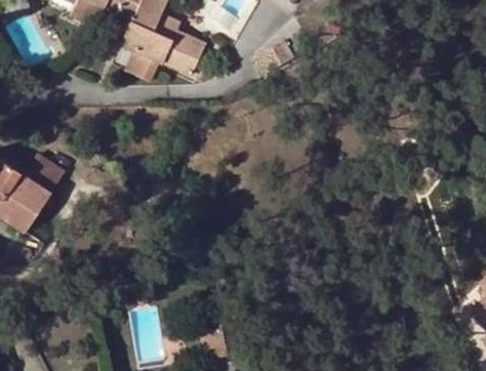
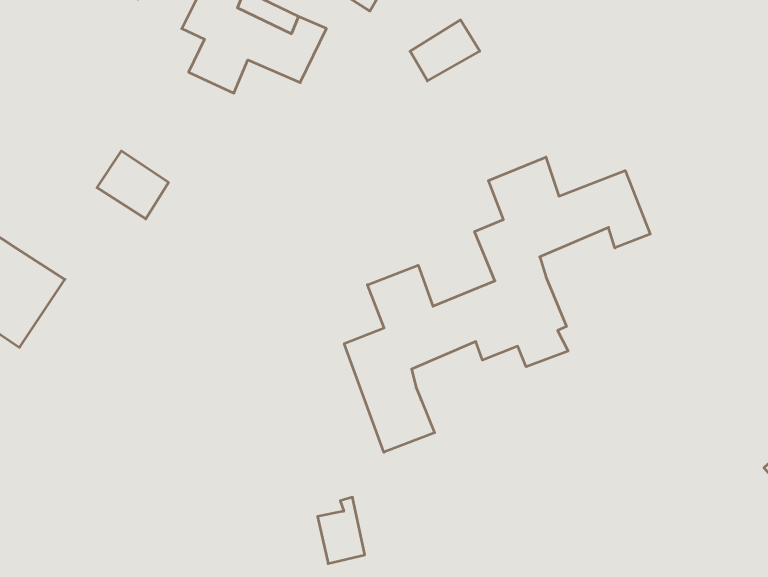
building: none -> [344,157,650,452]
building: [23,153,65,193] -> [97,151,168,219]

